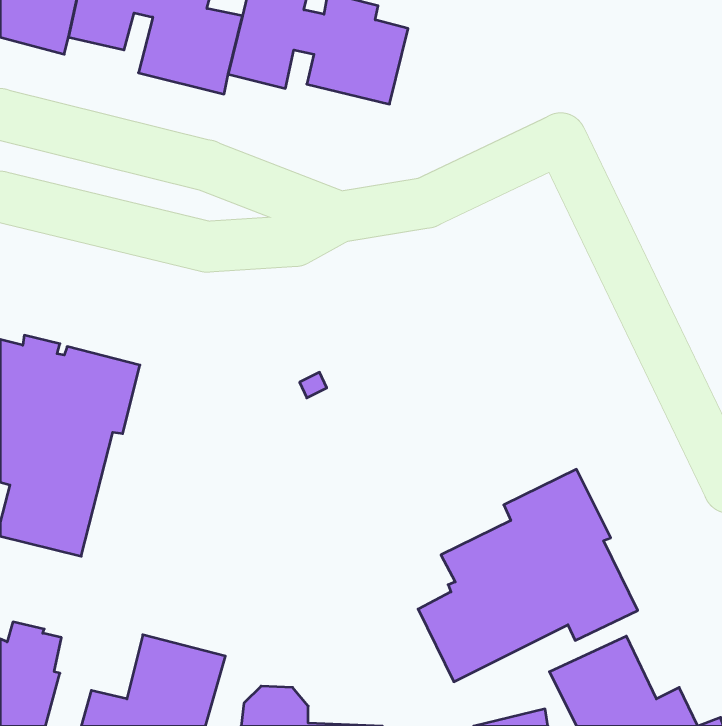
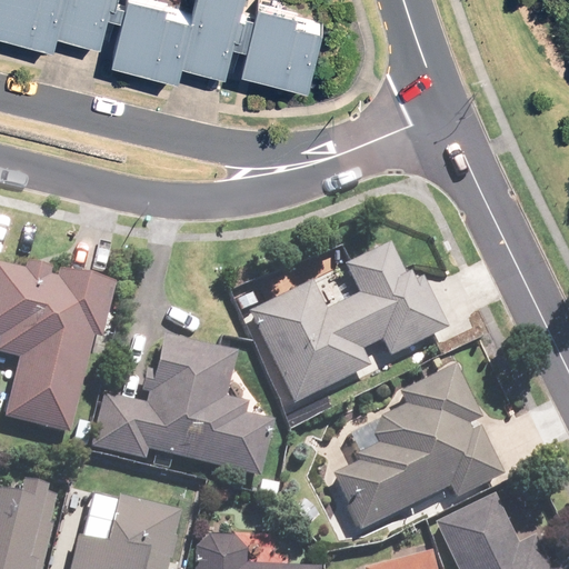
building: none -> [248,242,448,405]
building: none -> [90,336,272,478]

